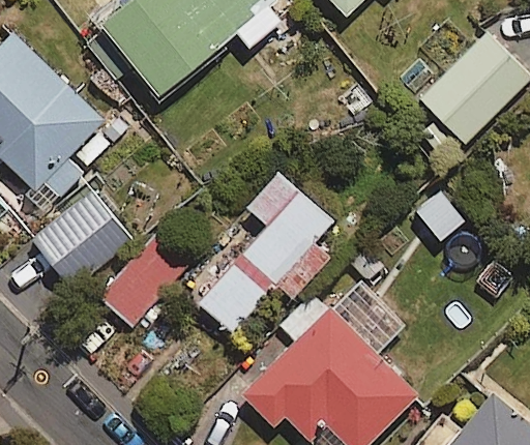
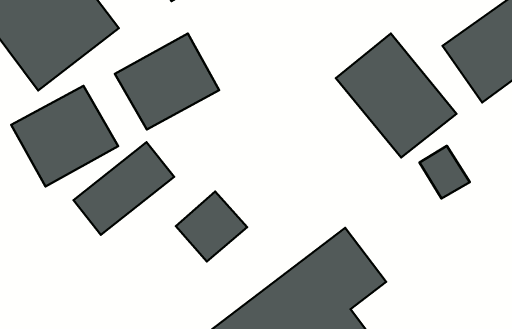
building: none -> [336,33,456,157]
building: none -> [115,33,219,129]
building: [240,173,331,300] -> none

